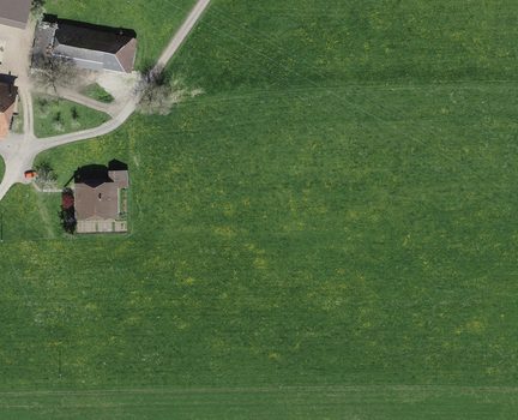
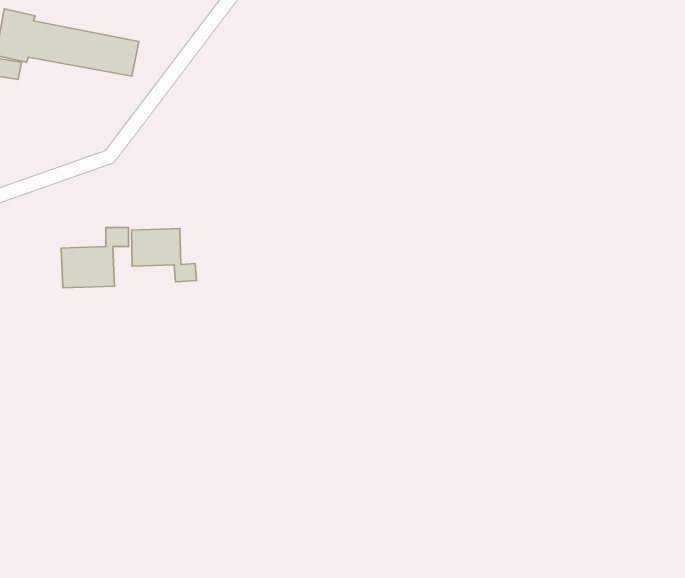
building: none -> [131,229,196,282]

